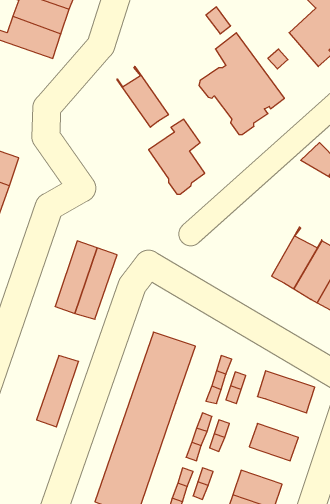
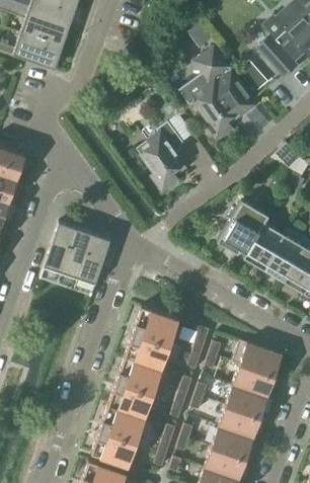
building: [117,66,168,127] -> none
building: none -> [217,200,268,258]
building: [37,356,79,427] -> [40,223,76,285]
building: none -> [232,365,275,398]
building: none -> [218,406,260,438]

